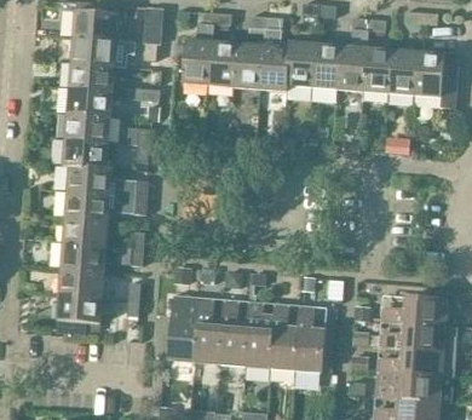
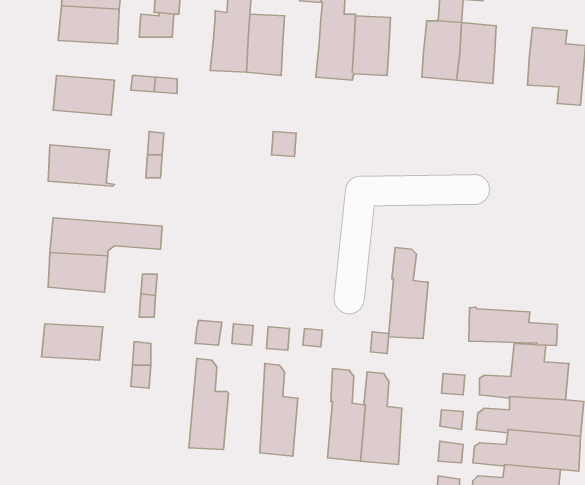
building: [236,44,265,88] -> none
building: [313,45,343,88] -> none
building: [391,51,420,94] -> none
building: [71,62,116,91] -> none
building: [67,113,111,142] -> none
building: [65,165,150,197] -> none
building: [63,242,107,271] -> none
building: none -> [469,307,557,346]
building: [59,293,114,323] -> none
building: [194,295,223,363] -> none
building: [244,300,274,367] -> [388,248,428,339]

